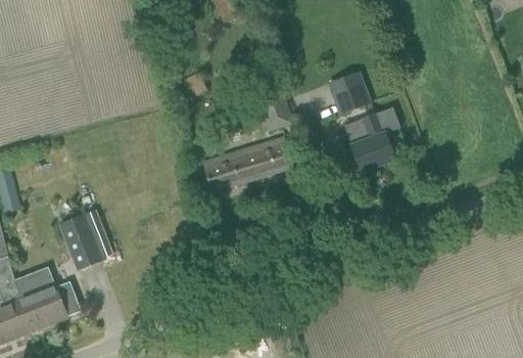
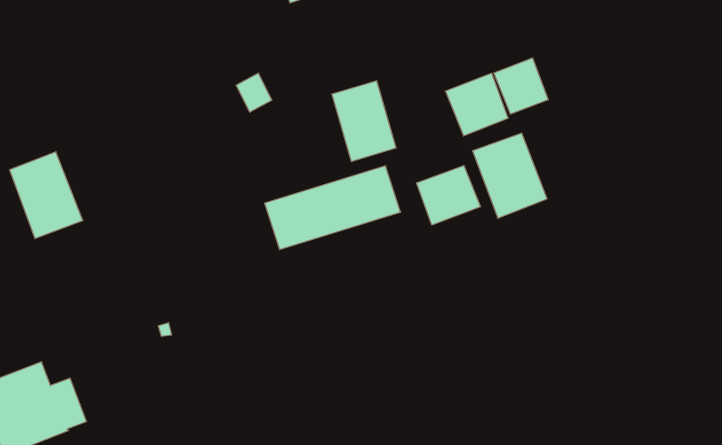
building: none -> [494,58,548,114]
building: none -> [417,165,481,225]
building: [61,210,111,269] -> [10,152,83,238]

